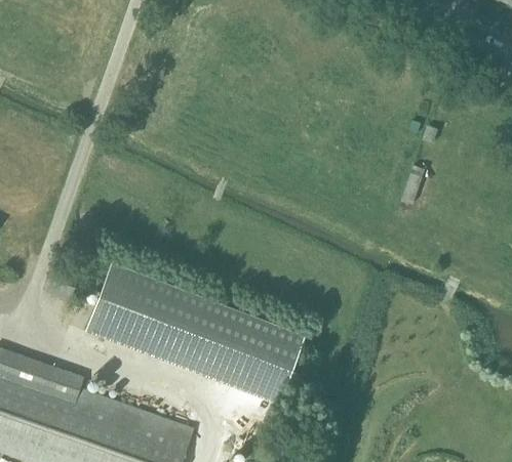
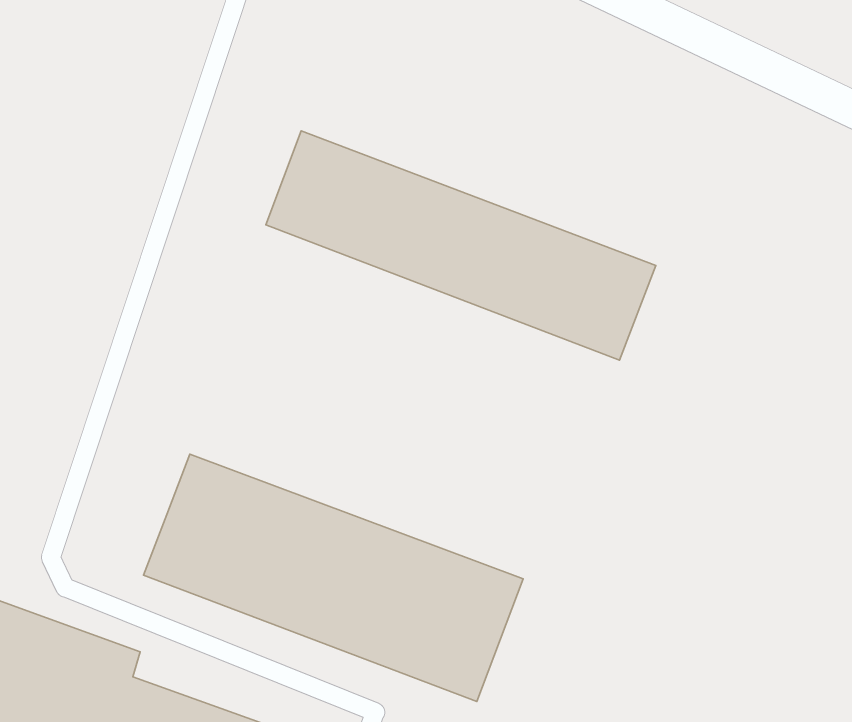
building: none -> [266,131,656,360]

